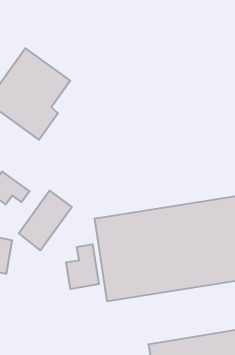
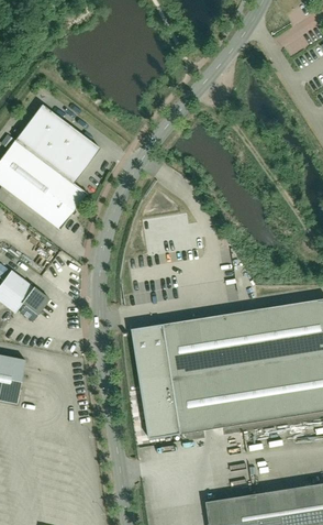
building: [19,191,72,250] -> none
building: [66,244,99,289] -> none

